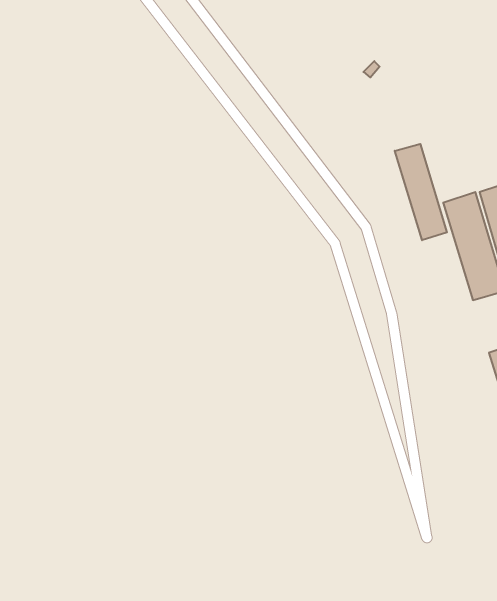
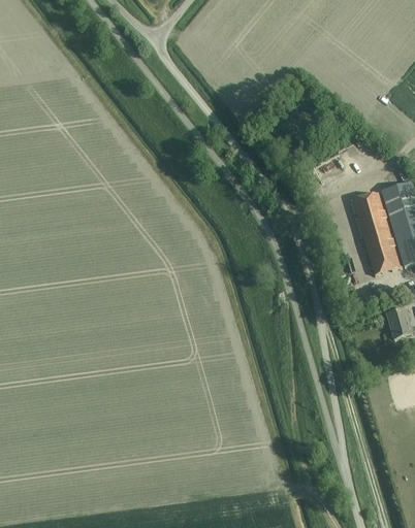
building: [395,144,447,240] -> none

